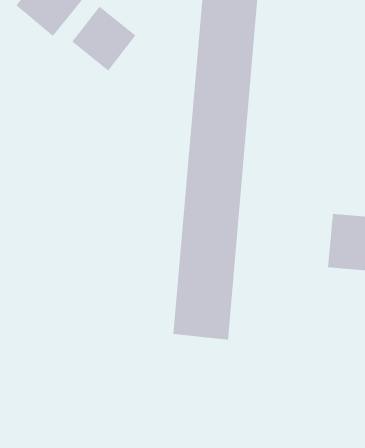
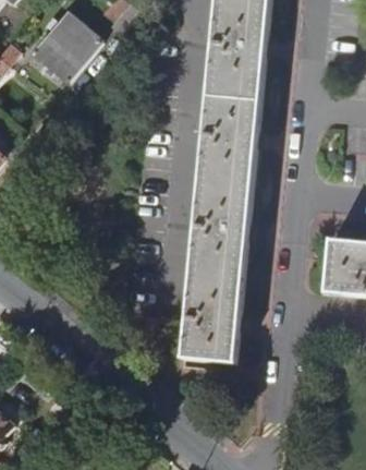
building: [72,6,136,71] -> none

